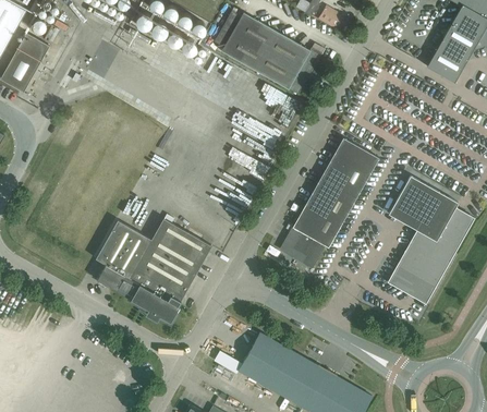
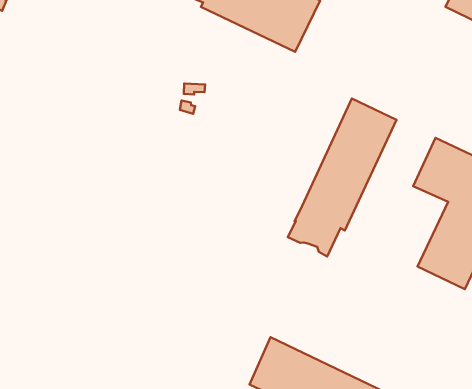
building: [95,217,211,320] -> none

